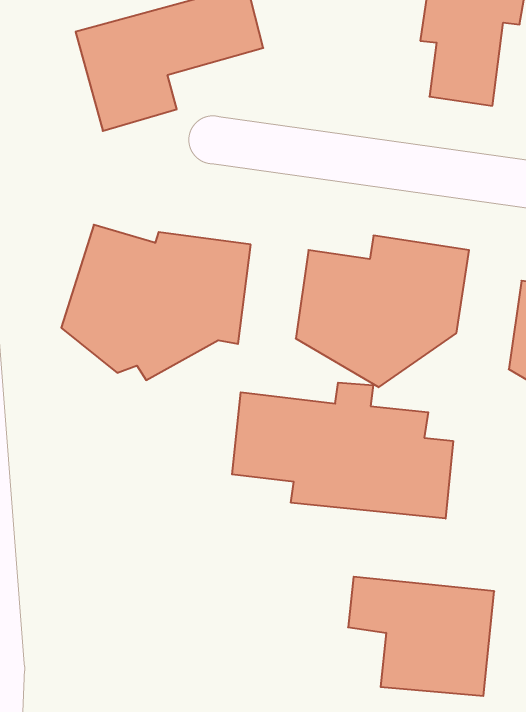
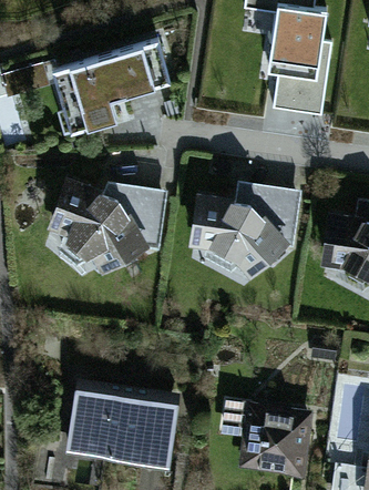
building: [232,383,453,519] -> none
building: none -> [66,384,178,461]

